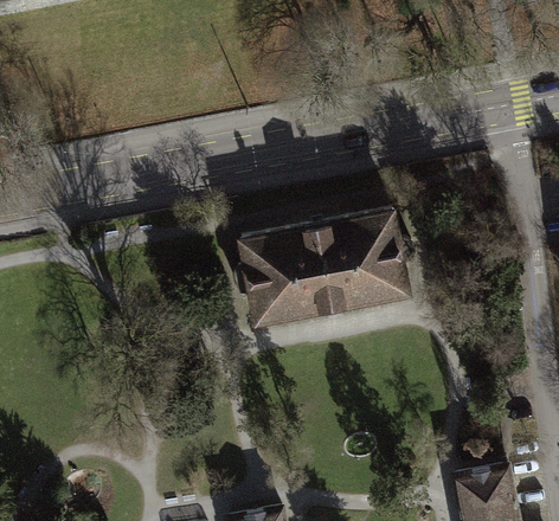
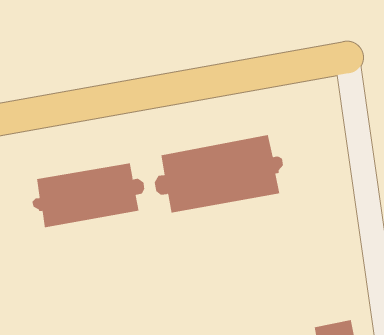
building: none -> [32,163,145,228]

